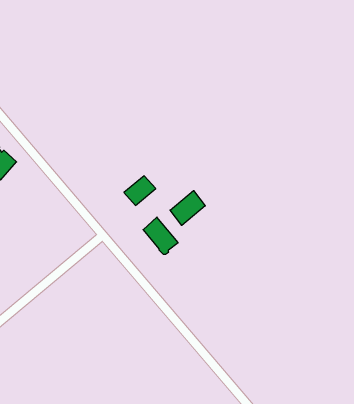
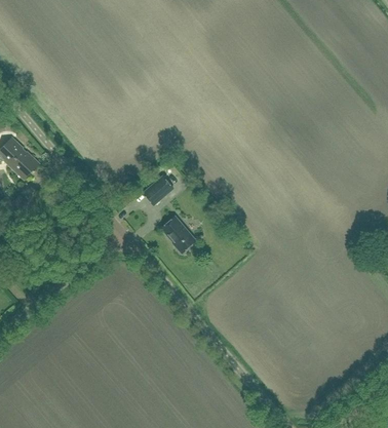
building: [170,191,205,225] -> none

